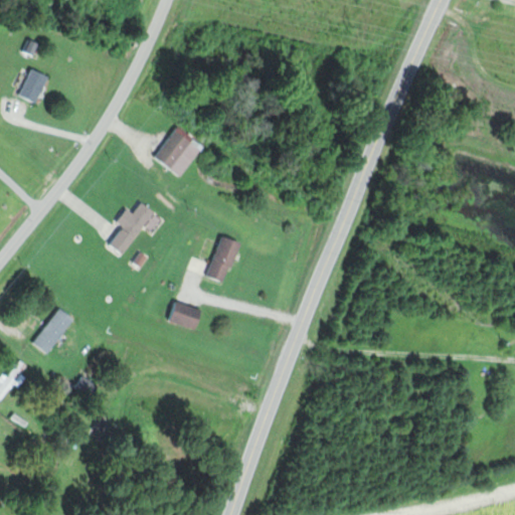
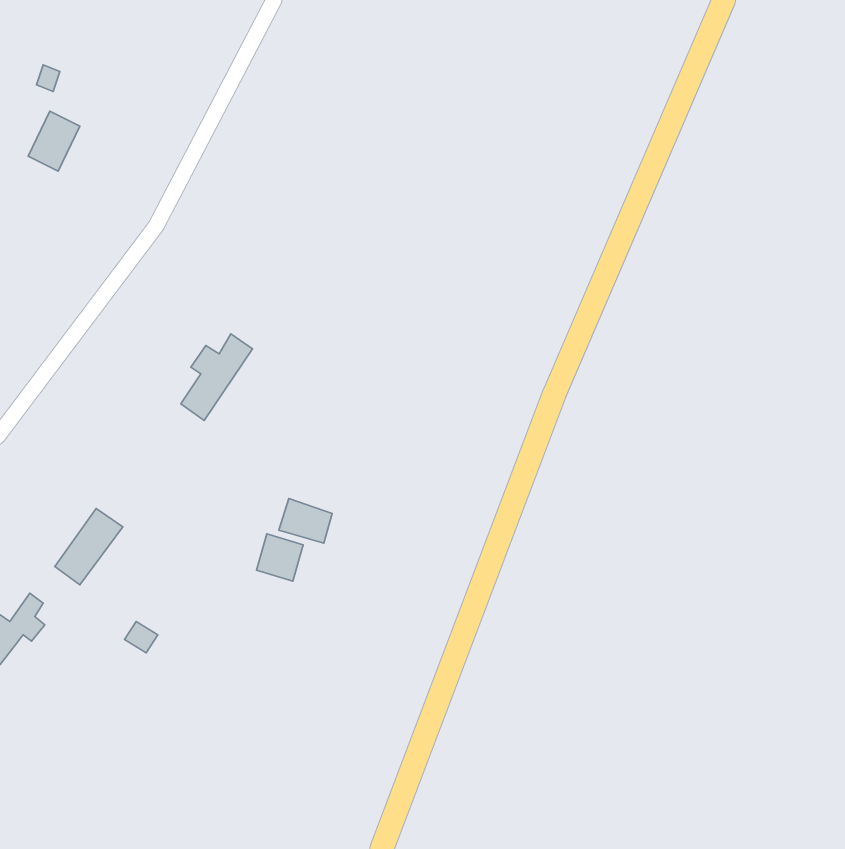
building: [153,126,202,177] -> none
building: [206,236,239,283] -> none
building: none -> [256,534,303,581]

